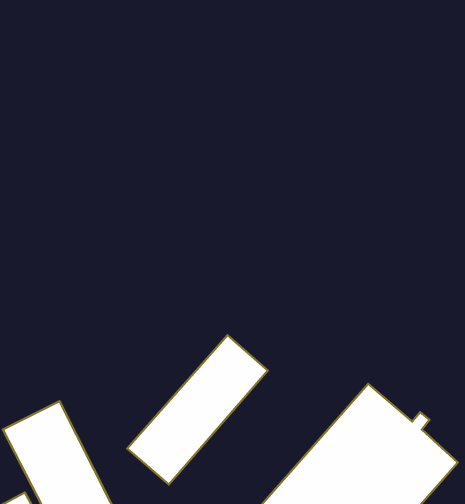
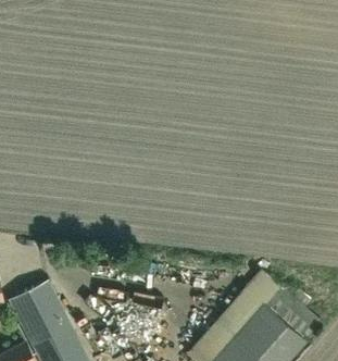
building: [127,335,268,485] -> none

